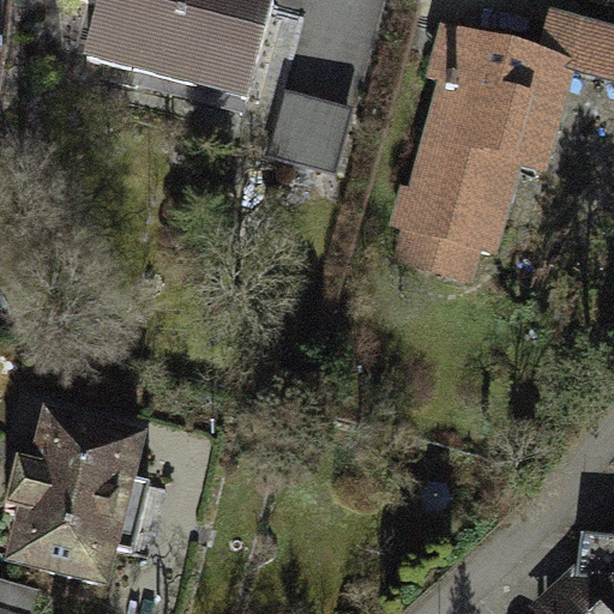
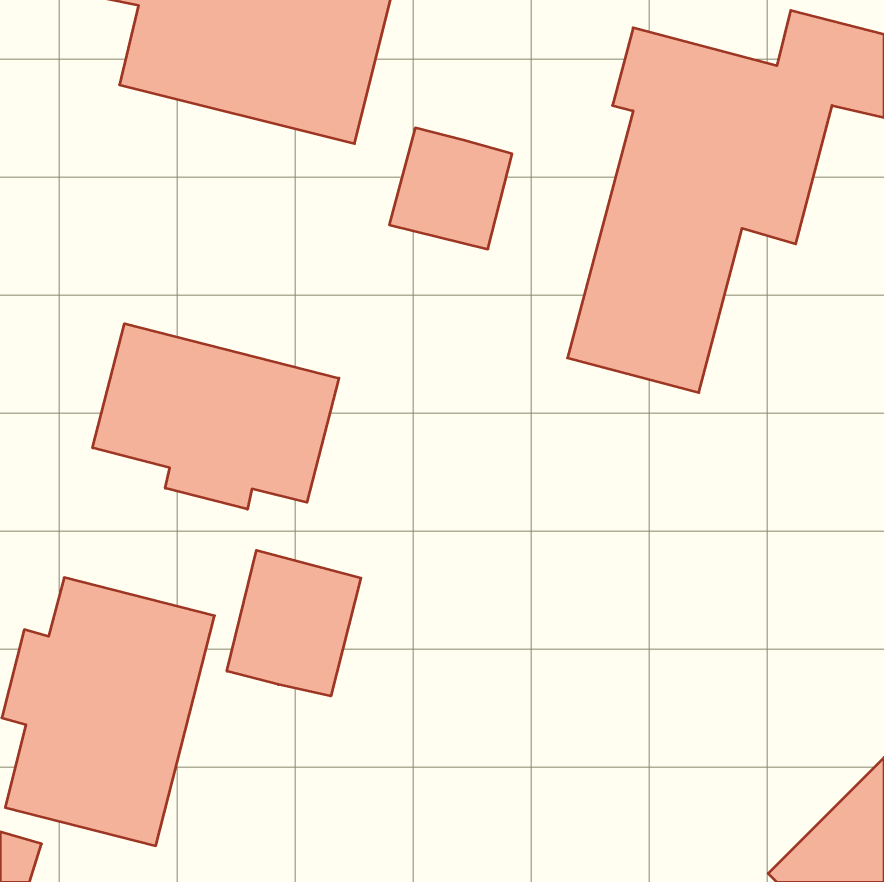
building: none -> [93,324,339,509]
building: none -> [227,550,361,696]

